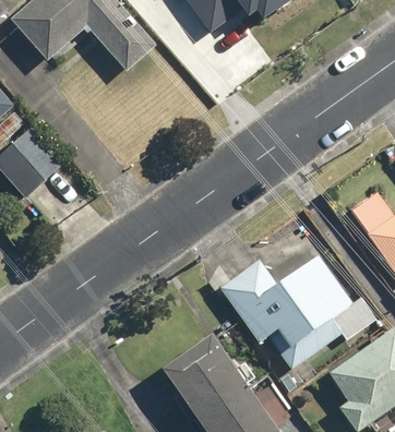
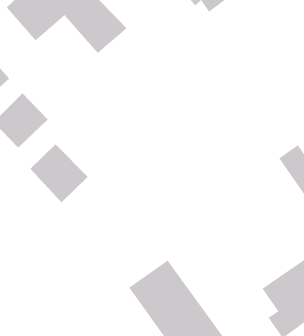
building: none -> [29,144,88,203]
building: [218,256,374,370] -> none

